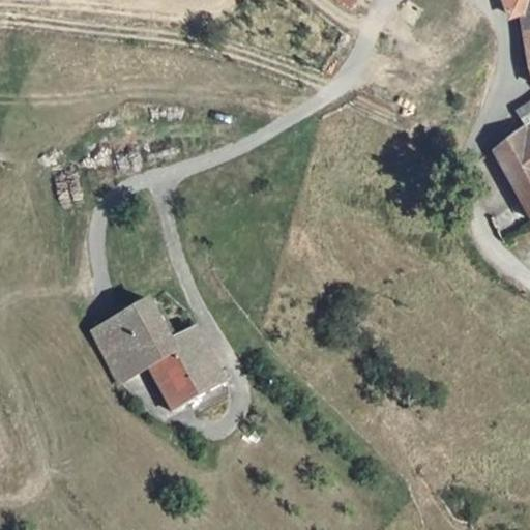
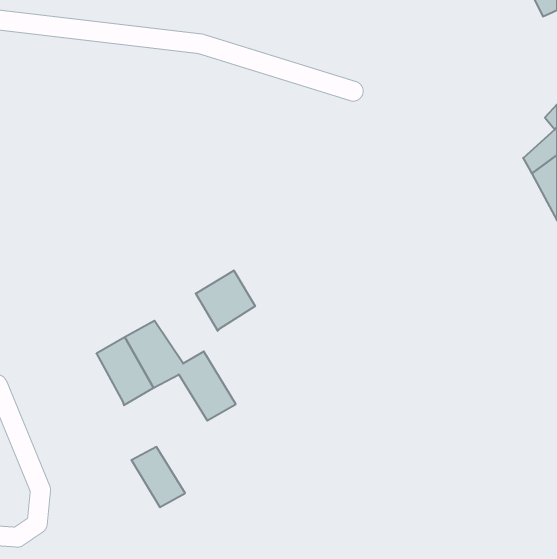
building: none -> [196,270,255,331]
building: [145,353,196,410] -> [131,447,185,507]

